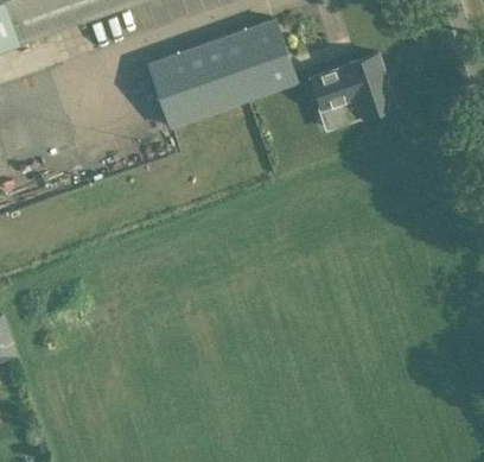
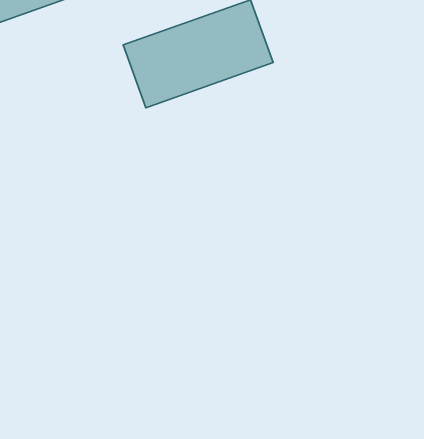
building: [308,53,395,129] -> none

